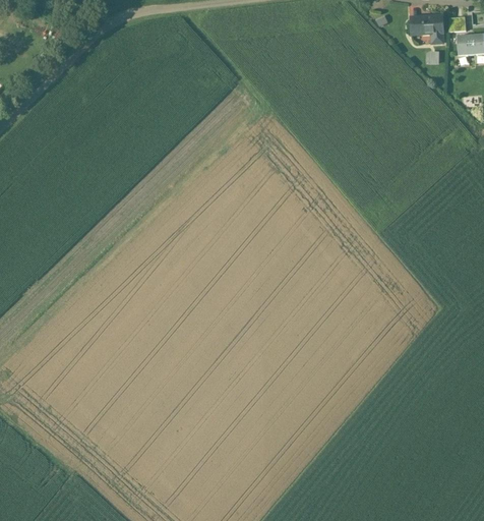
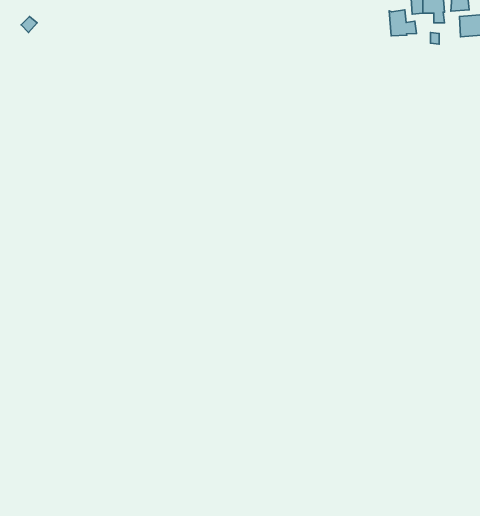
building: none -> [389,10,416,36]

